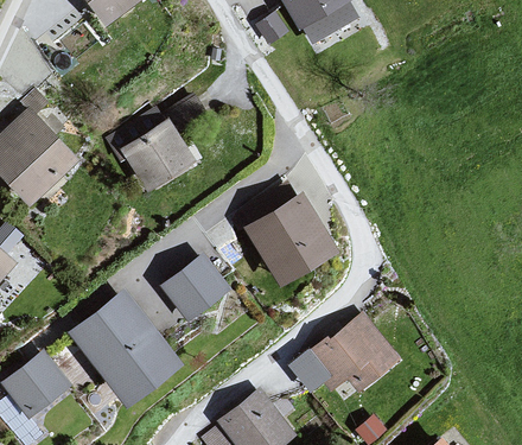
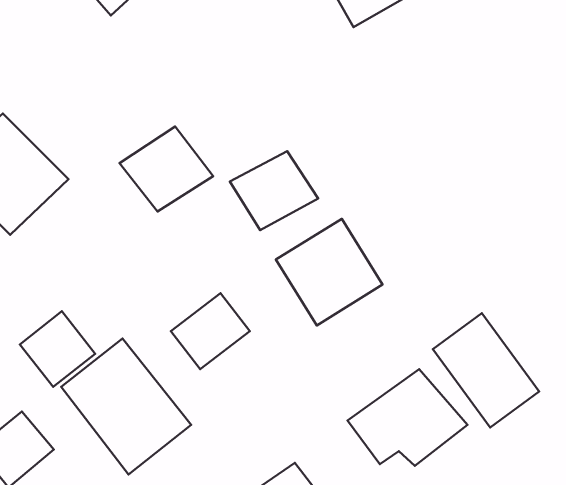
building: none -> [230,151,318,230]
building: none -> [20,311,95,387]
building: none -> [433,313,539,427]

